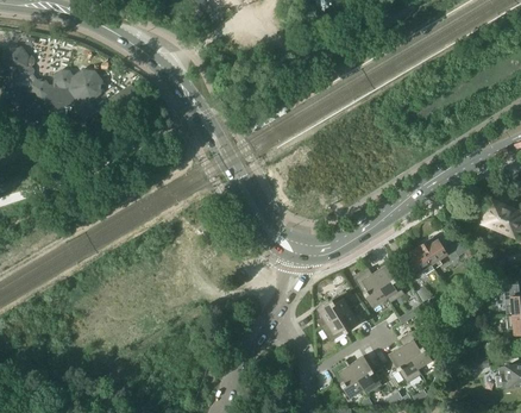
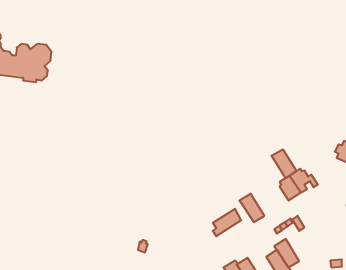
building: [370,265,403,304] -> [271,150,296,178]
building: [321,305,359,340] -> none

